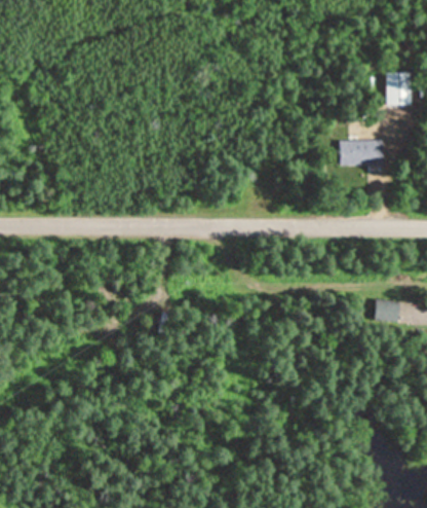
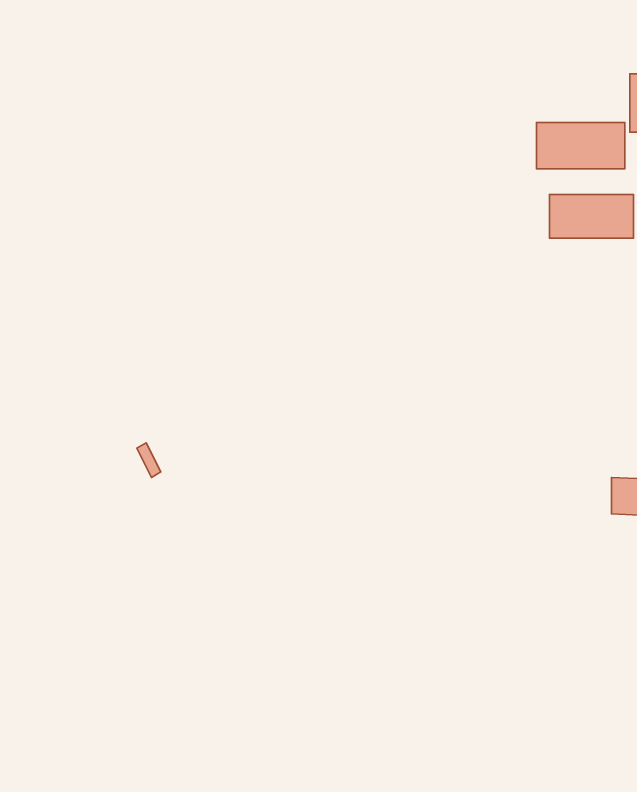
building: none -> [537,123,625,169]

